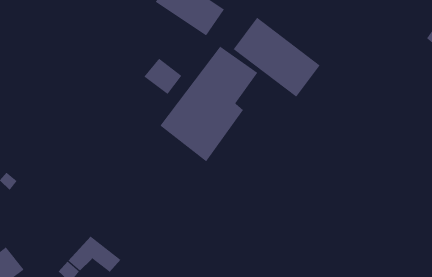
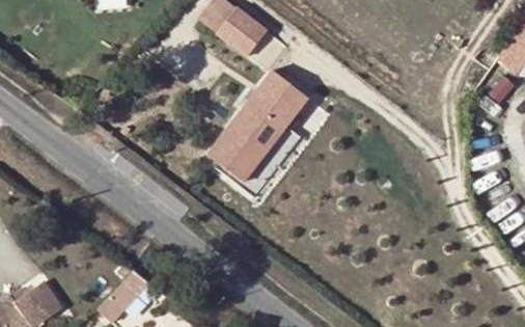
building: [233,17,321,98] -> none
building: [144,58,182,95] -> none

